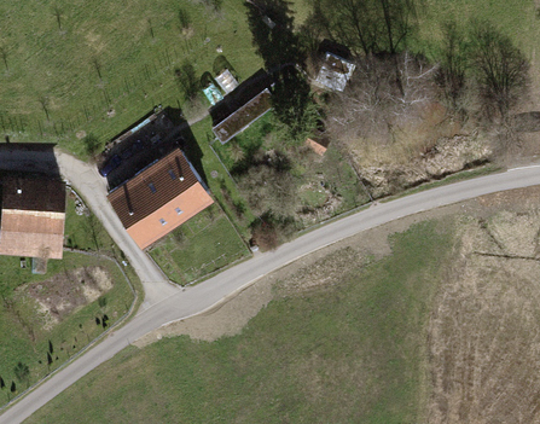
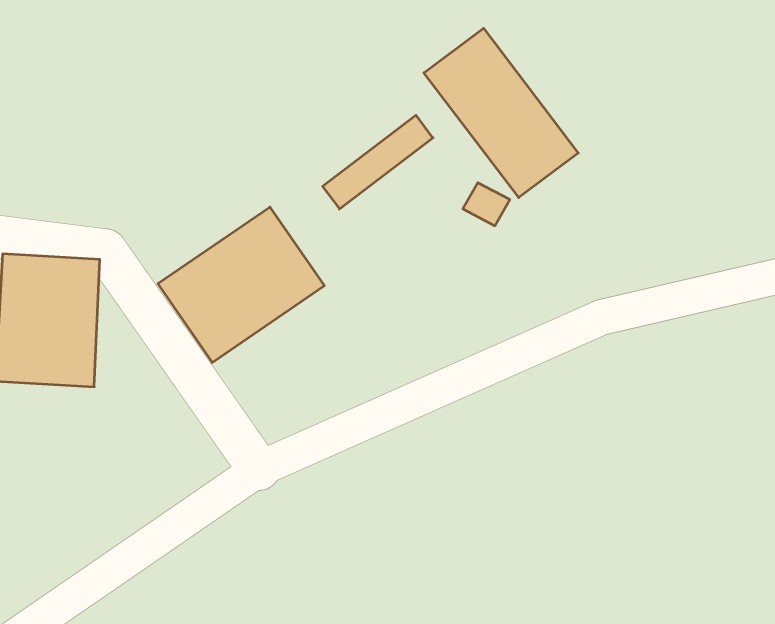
building: none -> [424,28,578,198]

